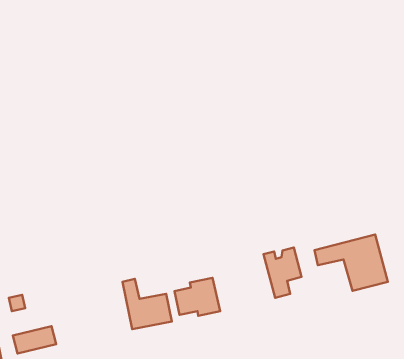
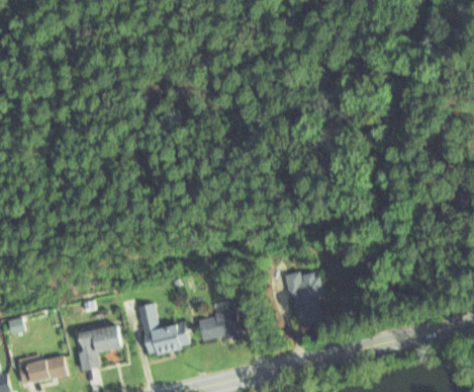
building: [314,235,388,291] -> none
building: none -> [74,318,121,373]

